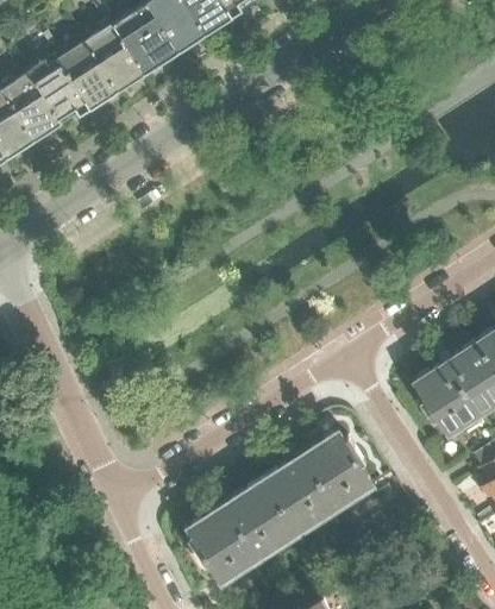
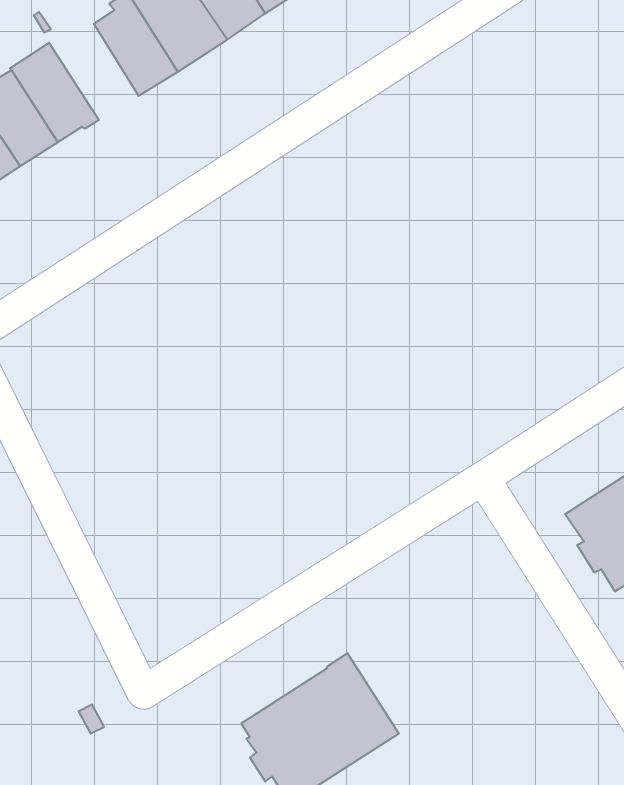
building: [55,43,117,111] -> none
building: [262,432,372,535] -> none

